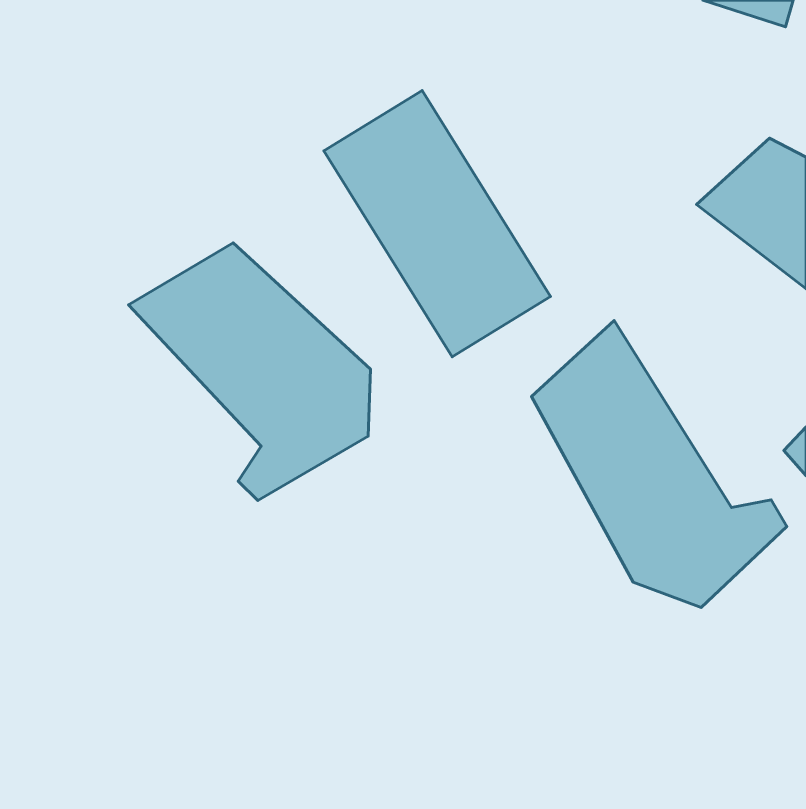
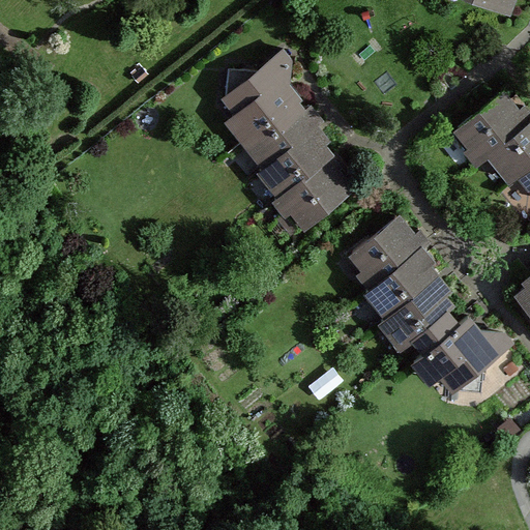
building: [128,243,371,501] -> none

